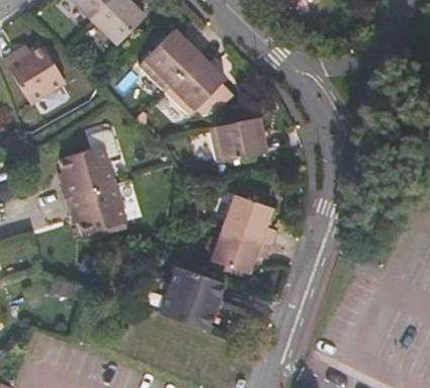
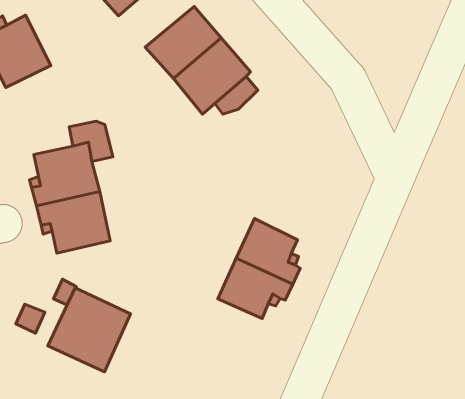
building: [206,117,264,162] -> none
building: [160,267,224,331] -> [48,288,131,372]

